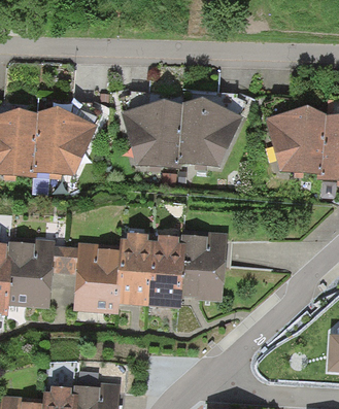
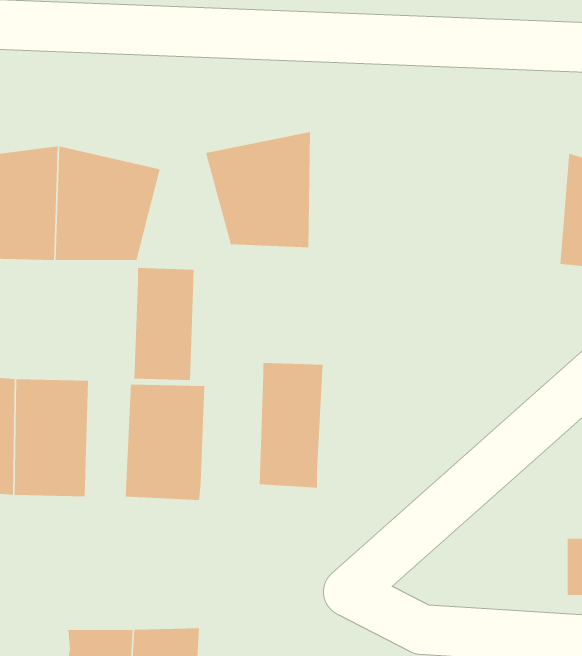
building: [180,99,241,168] -> none
building: [270,111,330,175] -> none
building: [185,233,228,296] -> none
building: [118,237,154,302] -> [134,268,194,381]

